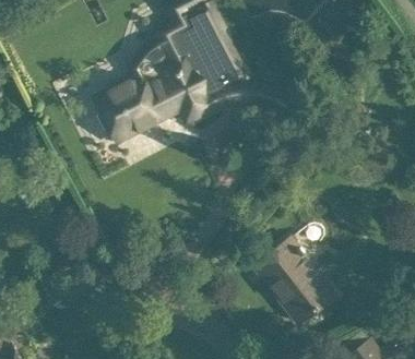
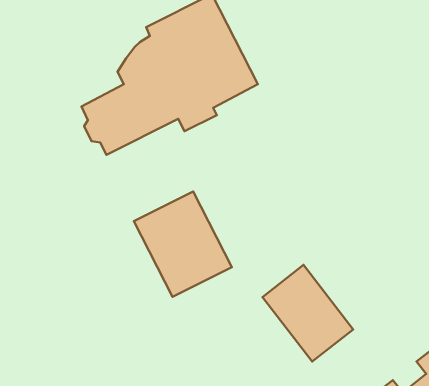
building: none -> [134,192,232,297]

